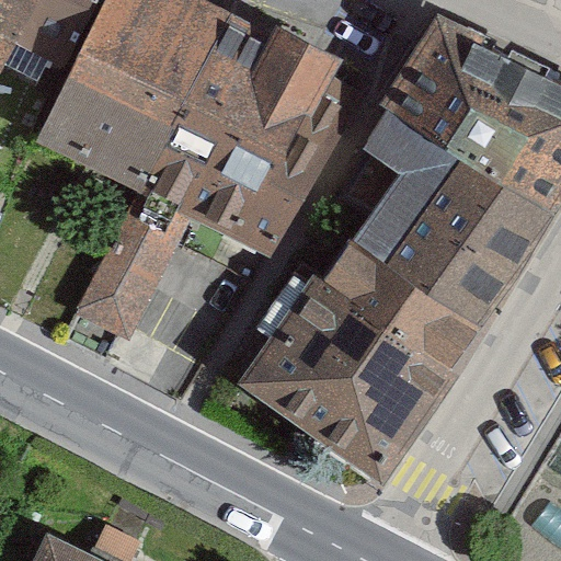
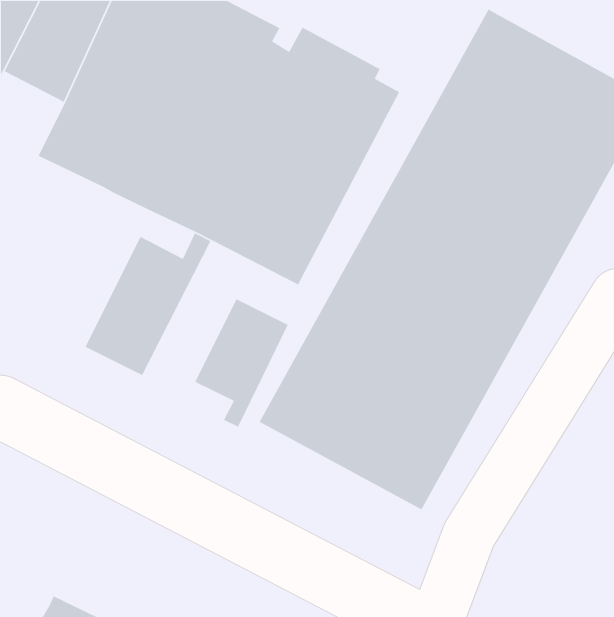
building: none -> [194,298,289,428]

